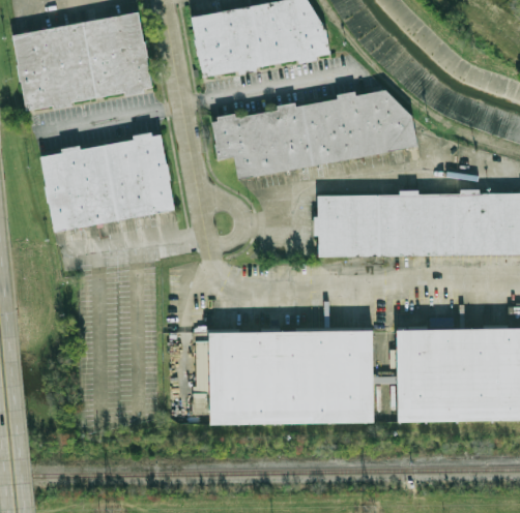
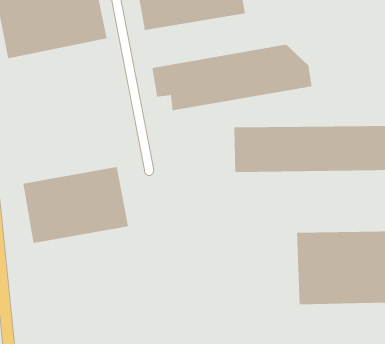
building: [41,132,177,231] -> [22,166,129,244]
building: [197,331,378,425] -> none

